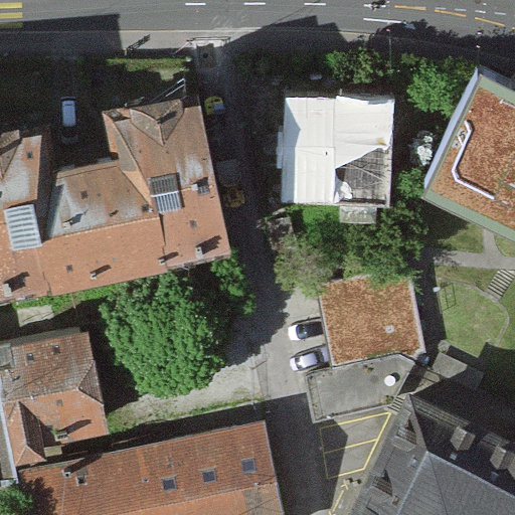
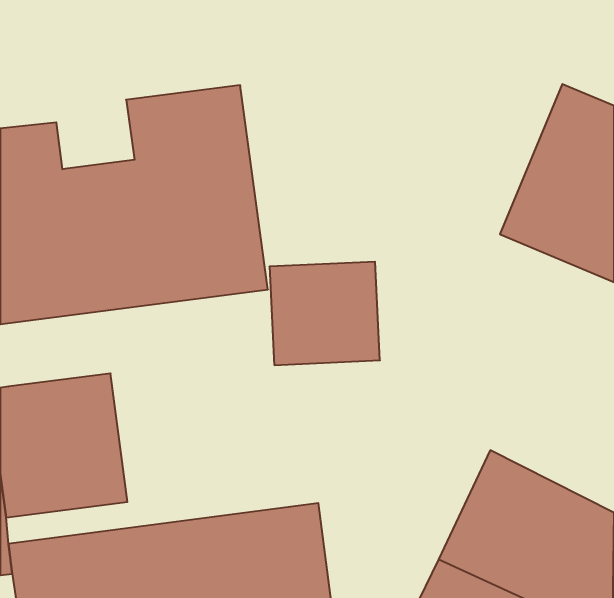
building: [271,85,400,210] -> none
building: [327,291,419,377] -> [269,262,380,365]

